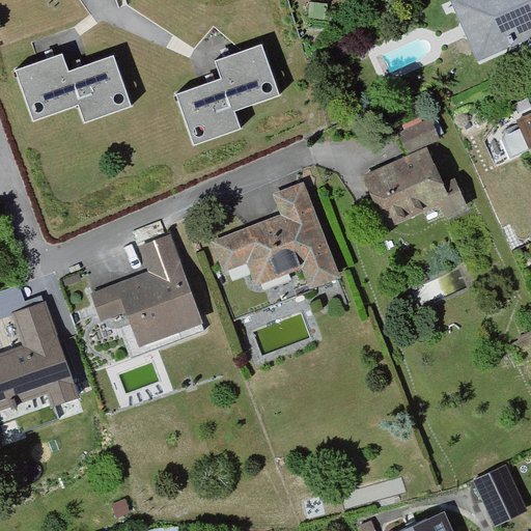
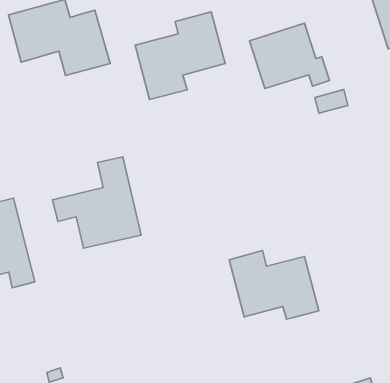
building: [365,144,468,229] -> [250,23,329,89]
building: [208,181,340,288] -> none
building: none -> [229,250,319,319]

